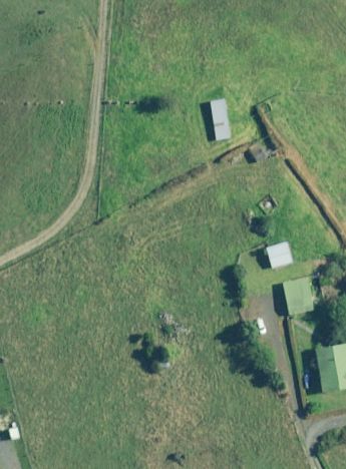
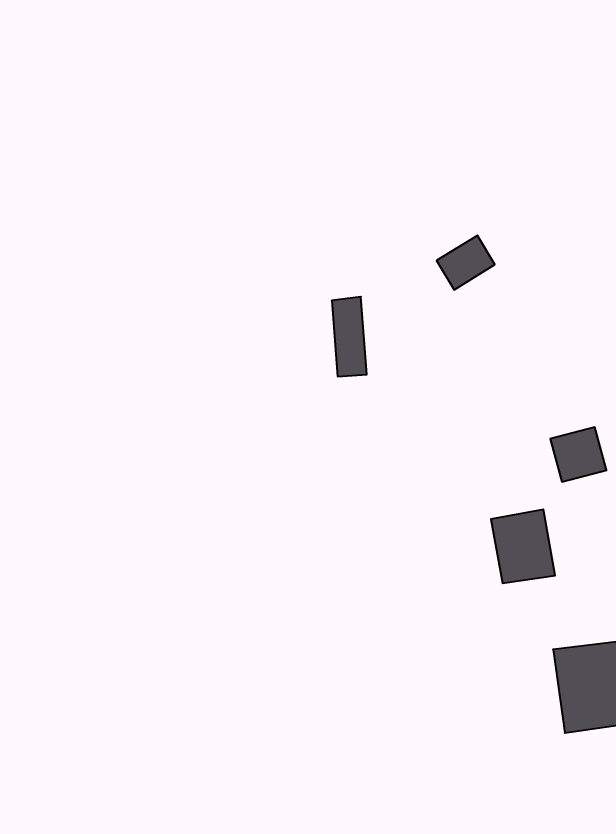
building: [212,98,230,139] -> [332,297,367,376]
building: [266,241,295,269] -> [550,427,607,482]

